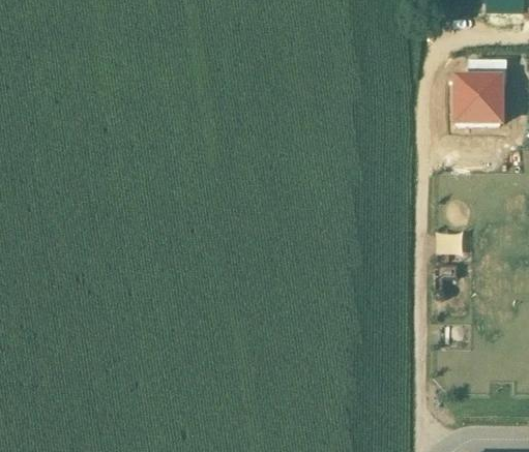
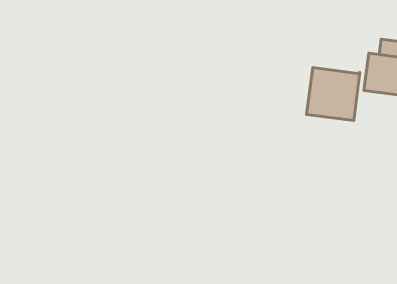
building: none -> [307,68,360,121]

